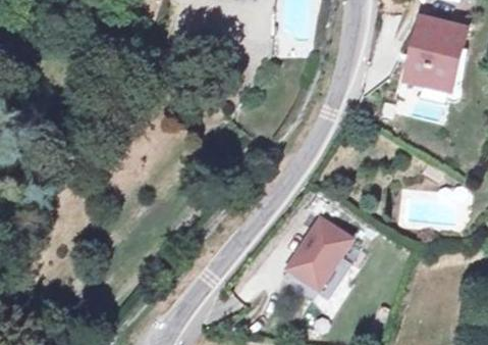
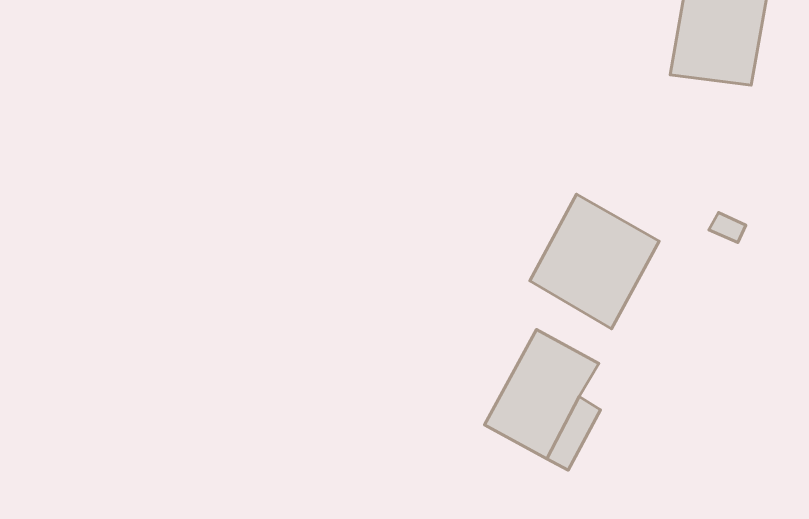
building: none -> [530,194,659,329]

